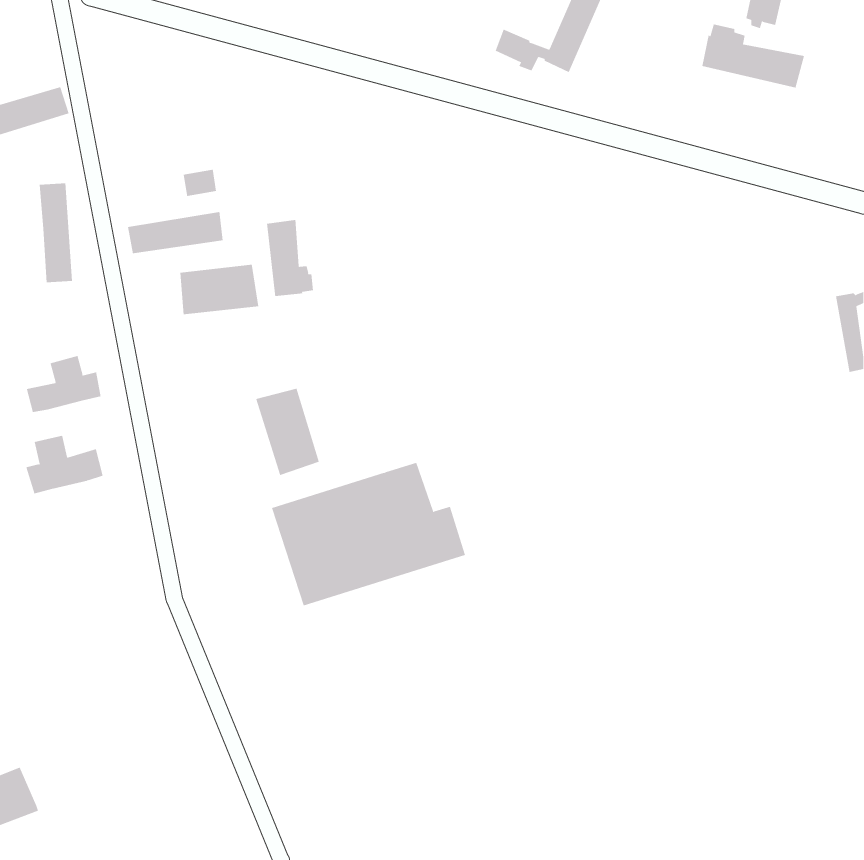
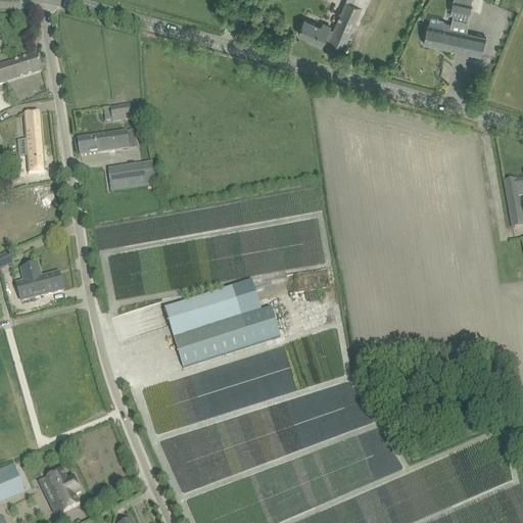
building: [267,219,314,297] -> none
building: [26,355,101,413] -> none
building: [256,388,320,476] -> none
building: none -> [39,467,81,512]

